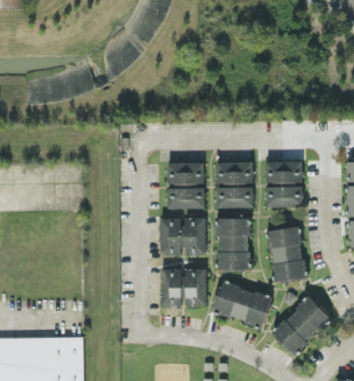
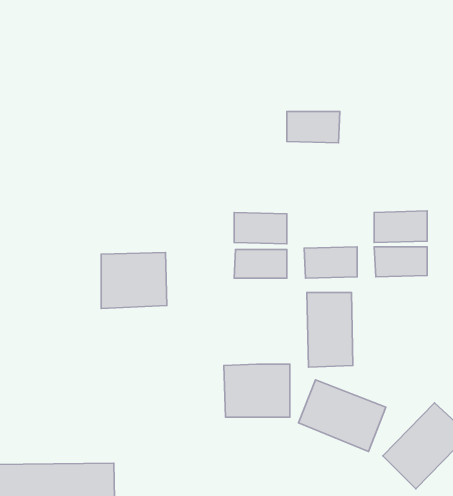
building: [216,162,253,184] -> [287,111,340,143]
building: [159,218,206,257] -> [101,253,167,308]
building: [268,227,306,283] -> none

